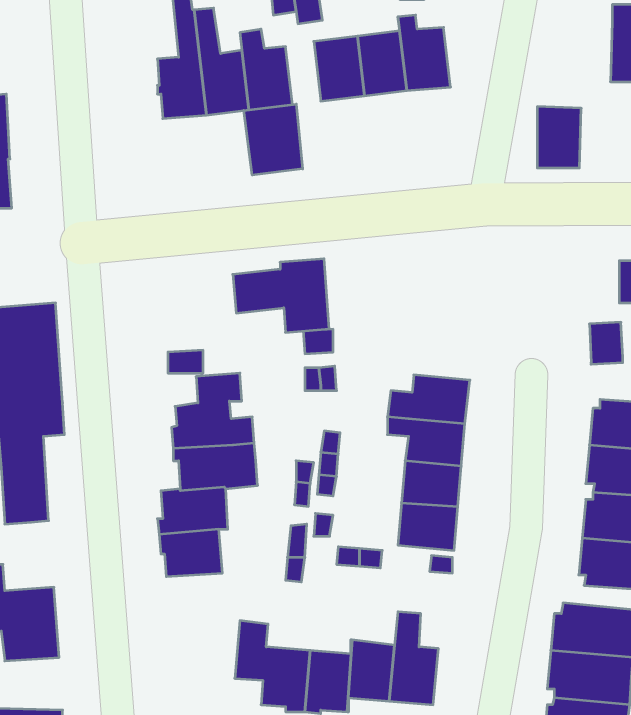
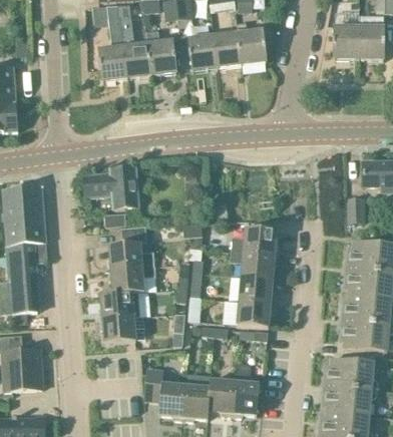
building: [244,104,303,175] -> none
building: [537,107,581,168] -> [334,24,359,59]
building: [233,259,329,332] -> [83,165,138,207]

